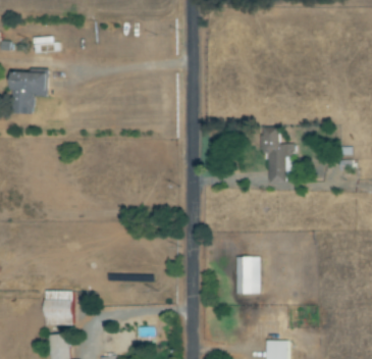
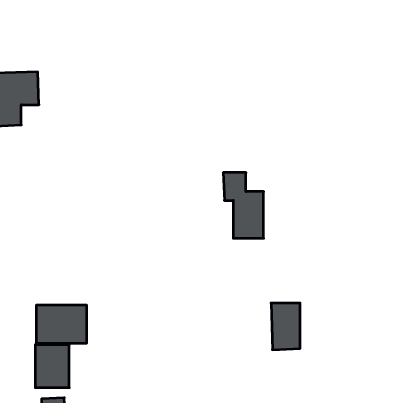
building: [260,129,293,182] -> [223,173,264,238]
building: none -> [37,305,86,343]

